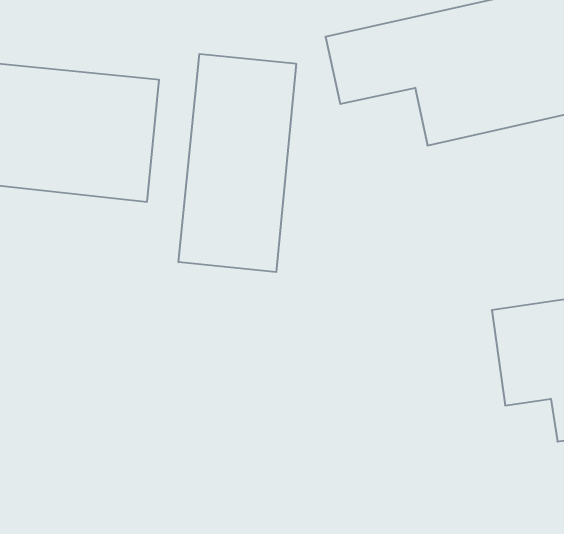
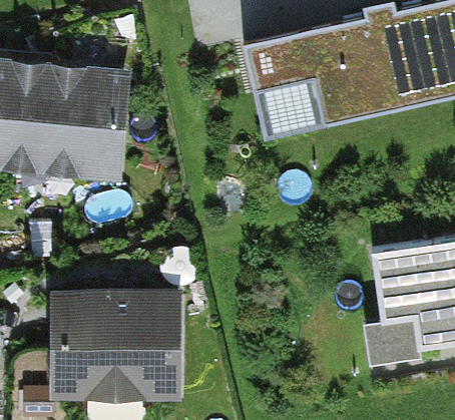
building: [179,54,296,272] -> none
building: none -> [60,297,174,390]

